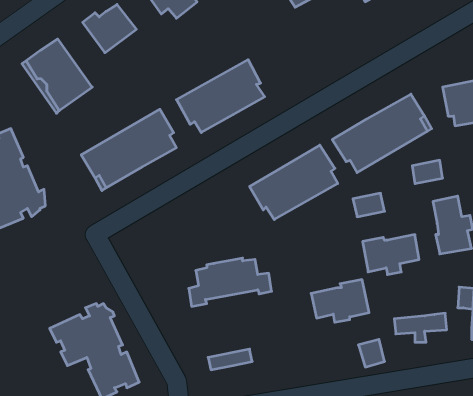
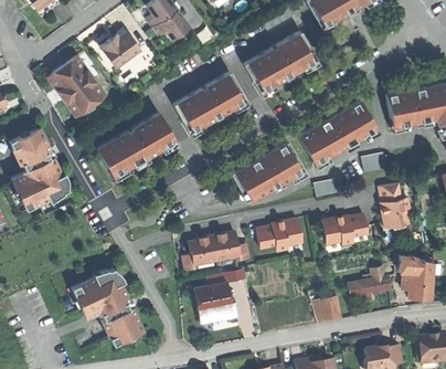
building: none -> [245,32,315,92]
building: [311,280,369,322] -> [257,217,304,251]
building: none -> [194,281,232,312]

